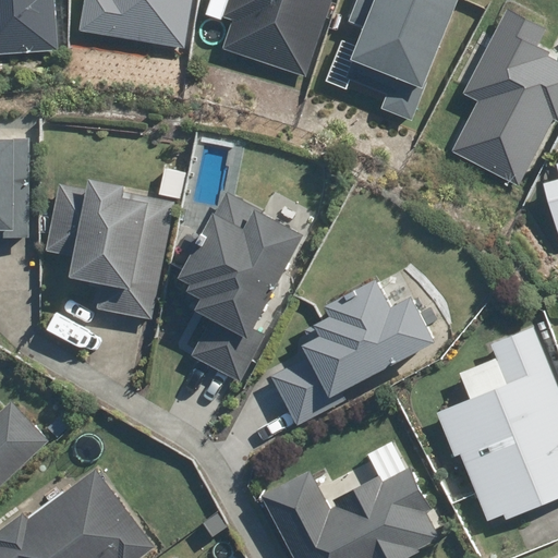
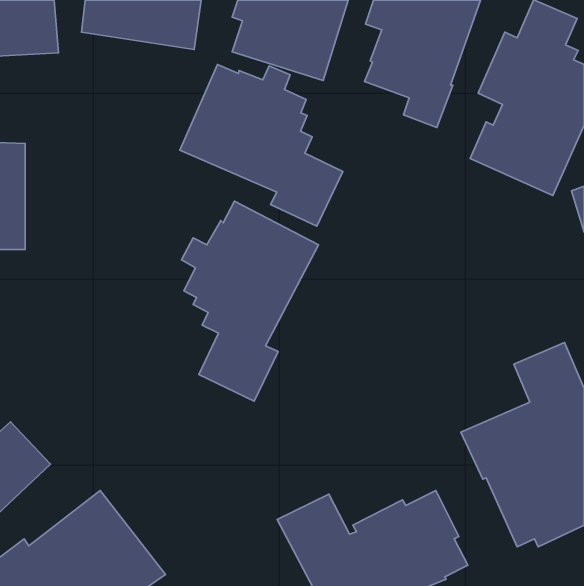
building: none -> [180,65,343,226]
building: [40,178,171,319] -> none
building: [270,278,436,424] -> none

